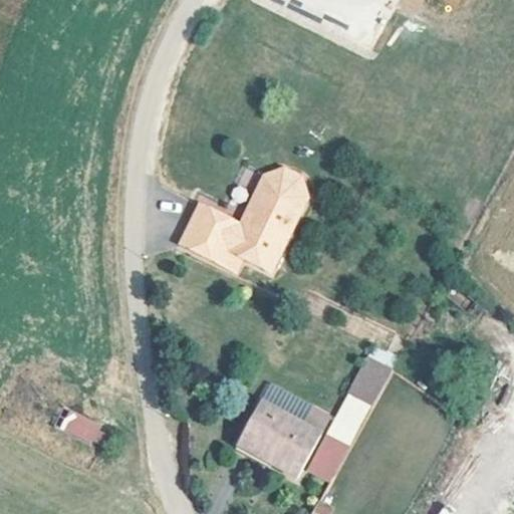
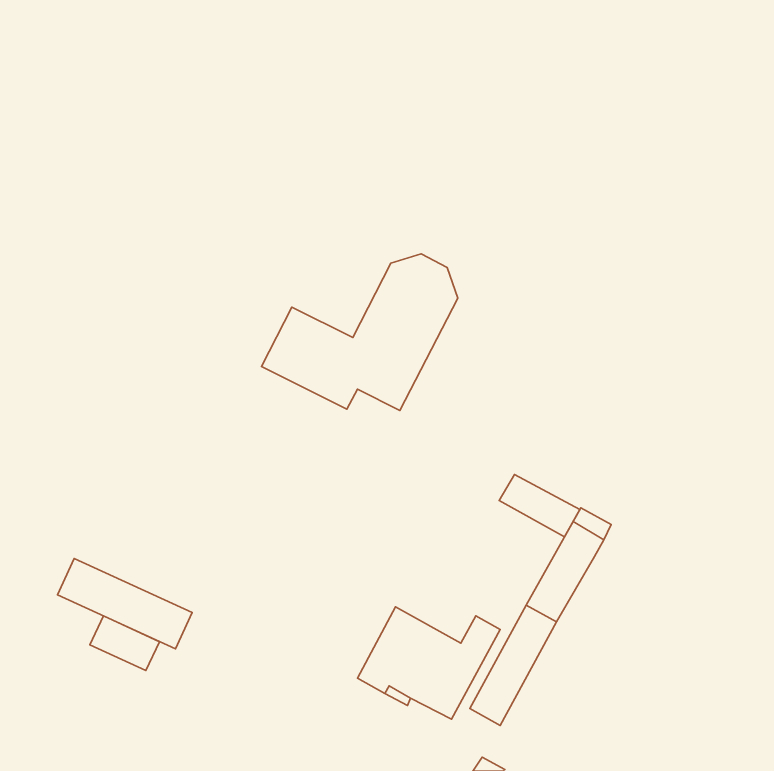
building: none -> [57,558,192,649]
building: [263,383,316,425] -> [499,475,580,537]

